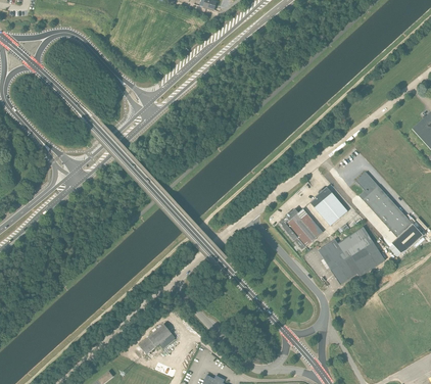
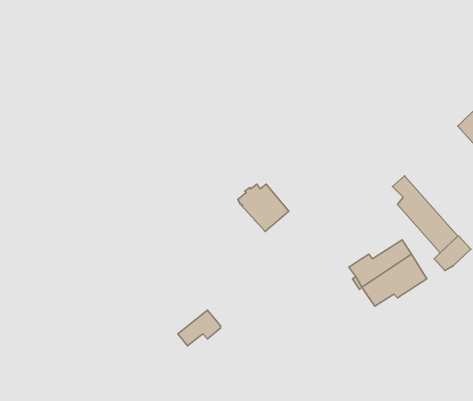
building: [309,187,347,226] -> none
building: [279,208,323,249] -> [238,184,289,231]
building: [138,324,175,354] -> [178,310,221,346]

